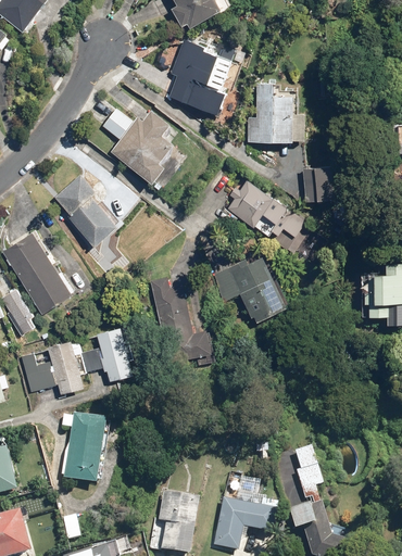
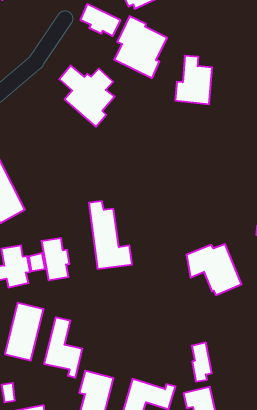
building: none -> [81,4,120,36]
building: [304,166,337,201] -> none
building: [53,174,116,247] -> none
building: [228,179,315,252] -> none
building: [216,256,289,321] -> [186,244,242,295]
building: none -> [44,317,82,378]

